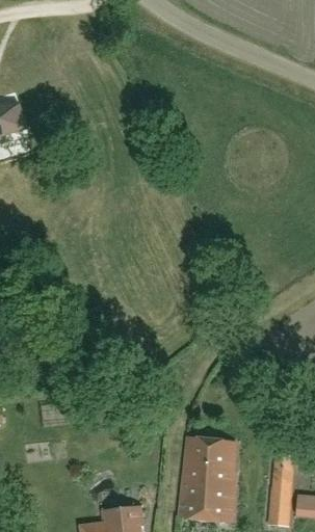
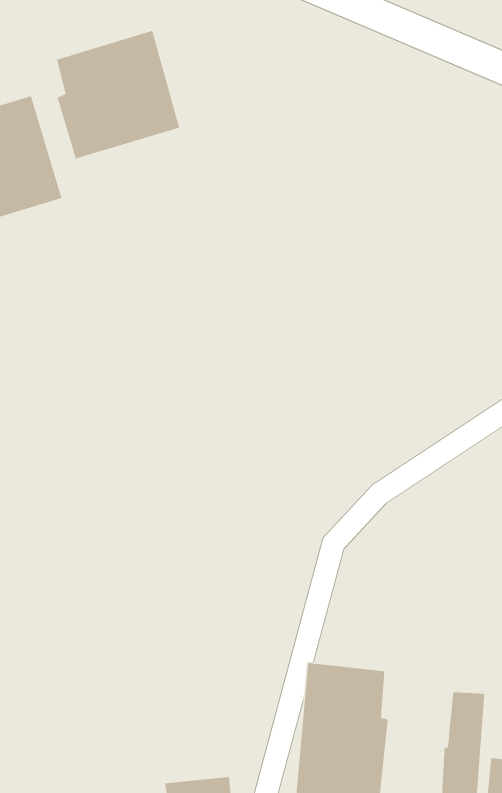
building: none -> [56,30,180,160]

